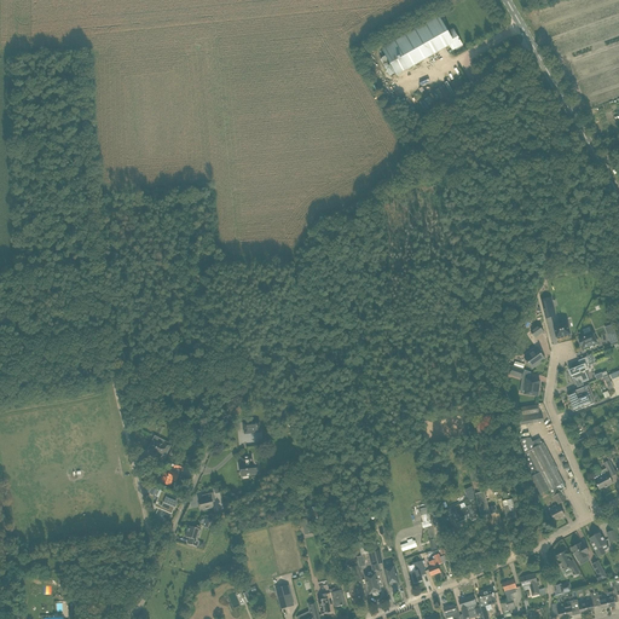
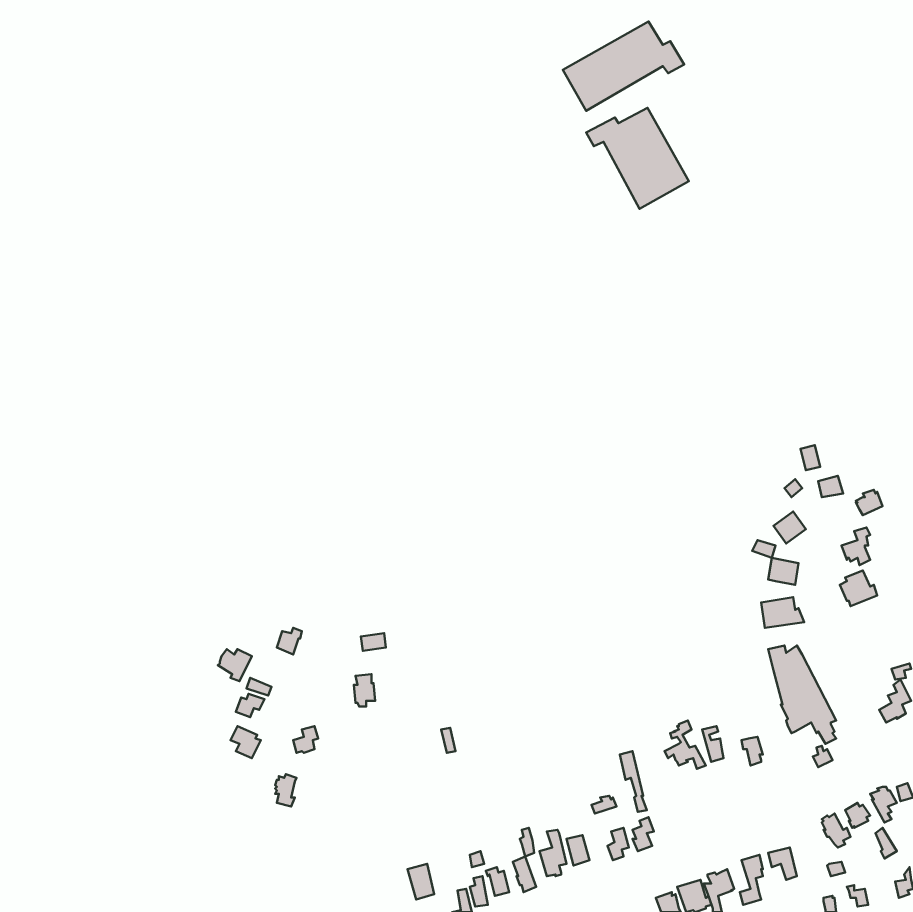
building: none -> [586,108,689,209]

